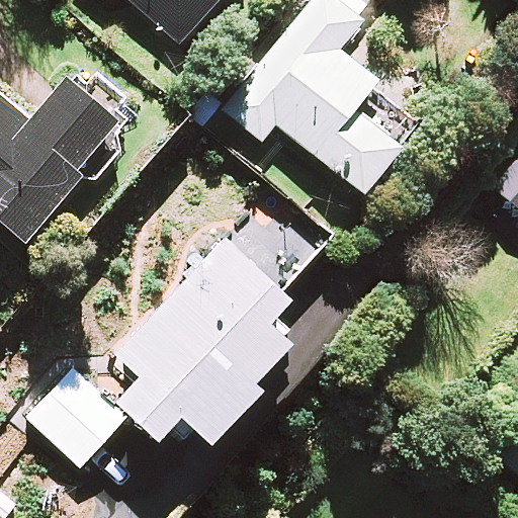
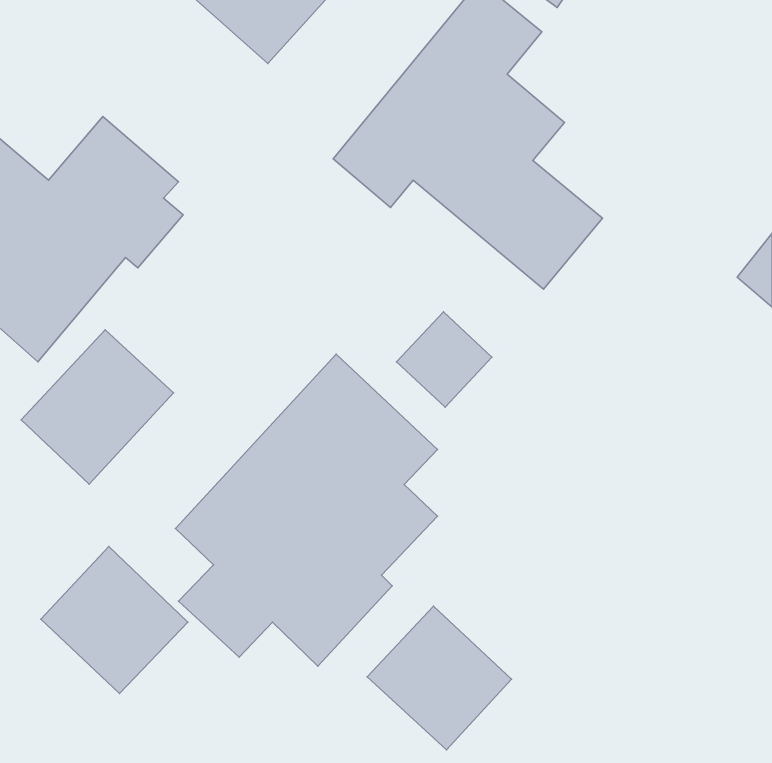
building: none -> [21,330,173,484]
building: none -> [367,606,512,750]

